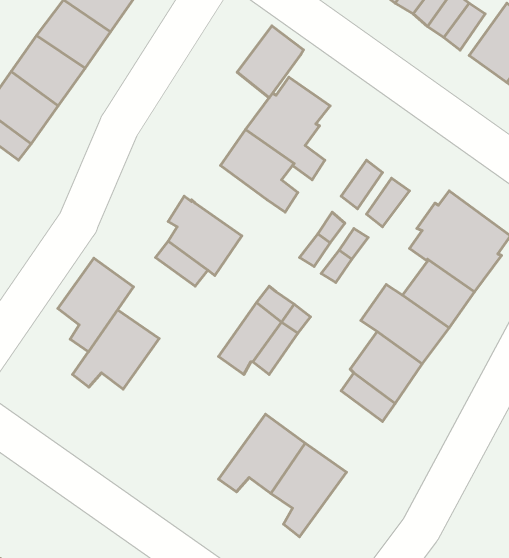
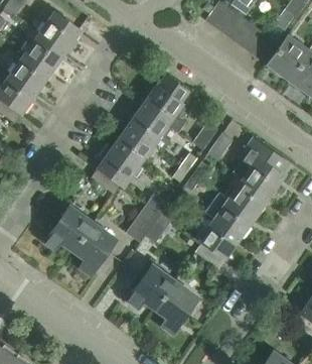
building: [237,26,304,98] -> none
building: none -> [114,125,154,164]
building: [58,258,133,352] -> [73,222,116,274]

